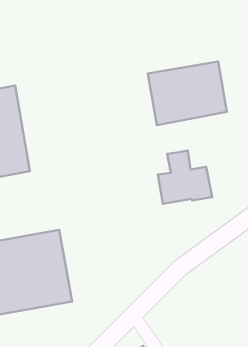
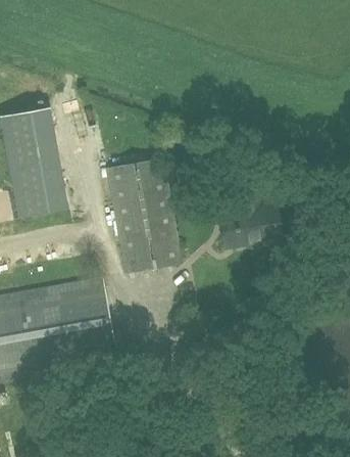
building: [148,61,227,125] -> none
building: none -> [108,157,182,273]

